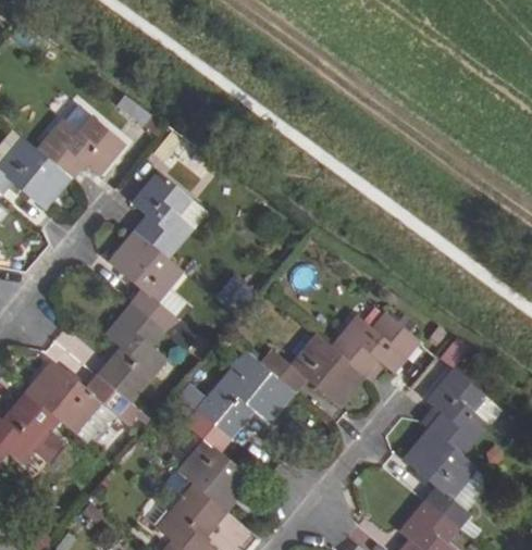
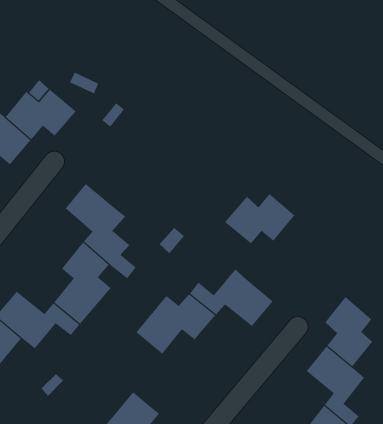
building: [134,172,206,258] -> none
building: [331,312,417,374] -> [224,193,295,244]
building: [177,411,250,510] -> none

